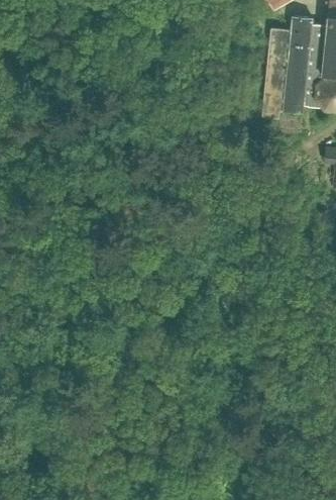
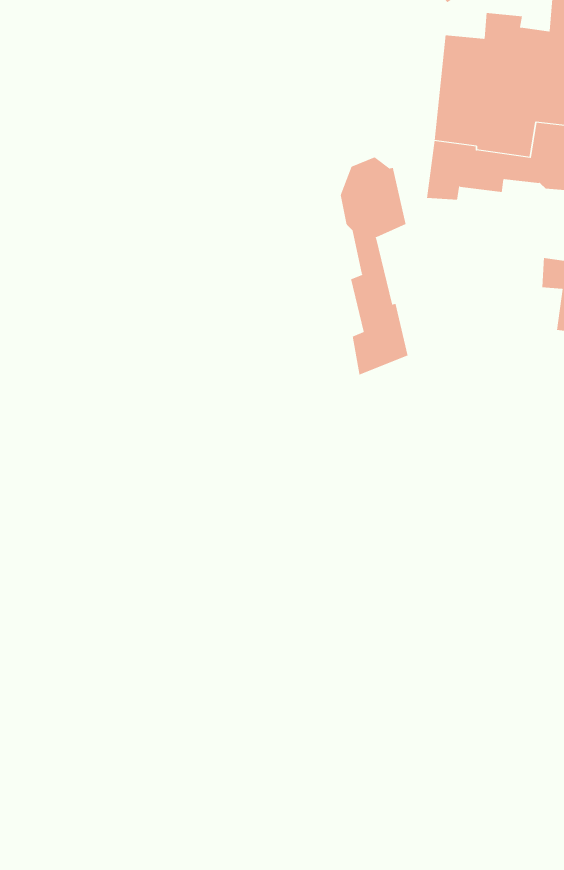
building: none -> [340,157,408,375]

